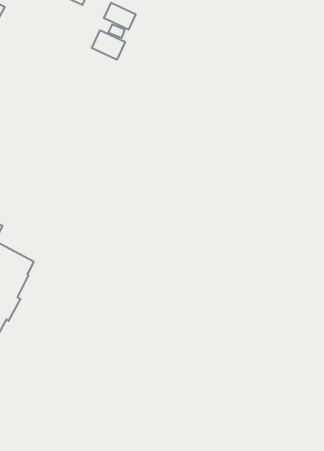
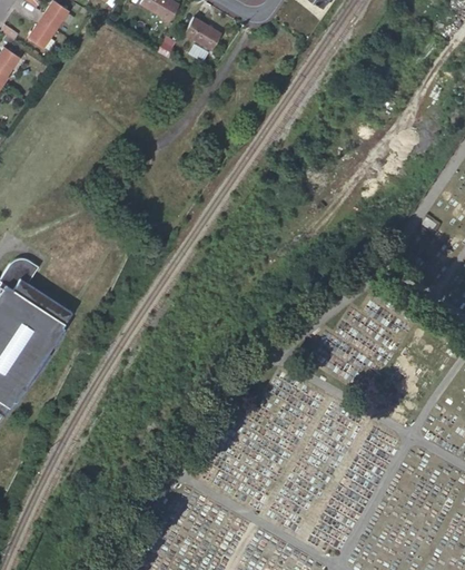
building: [92,30,125,60] -> none

